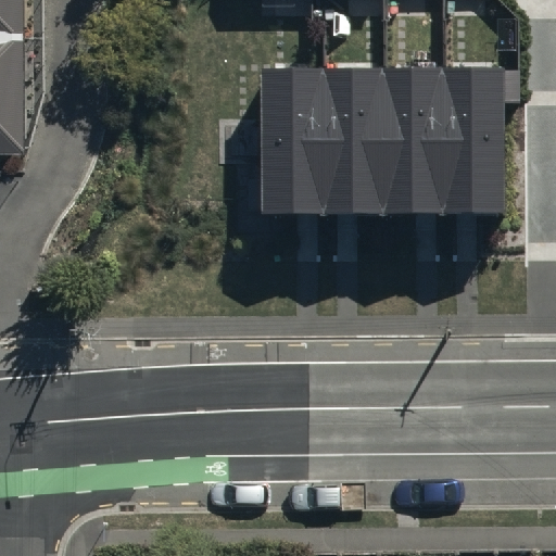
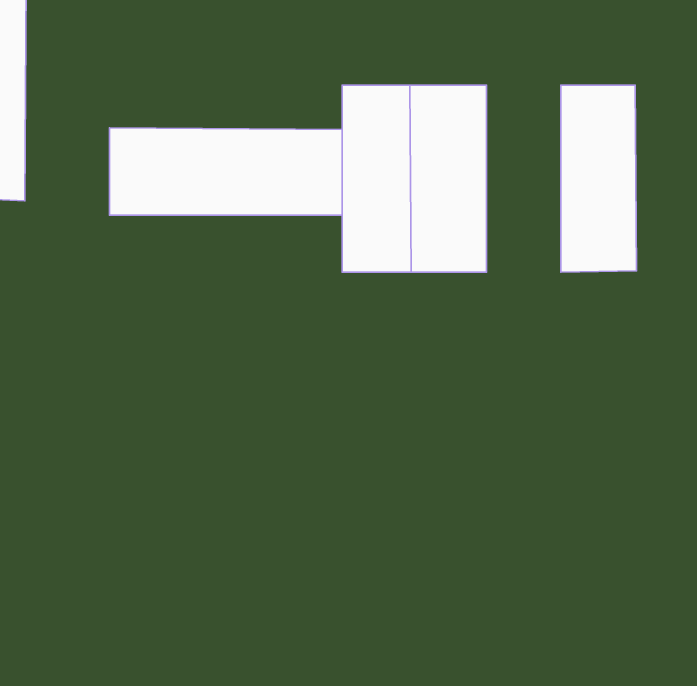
building: [384,67,443,215] -> none
building: none -> [110,128,342,215]

